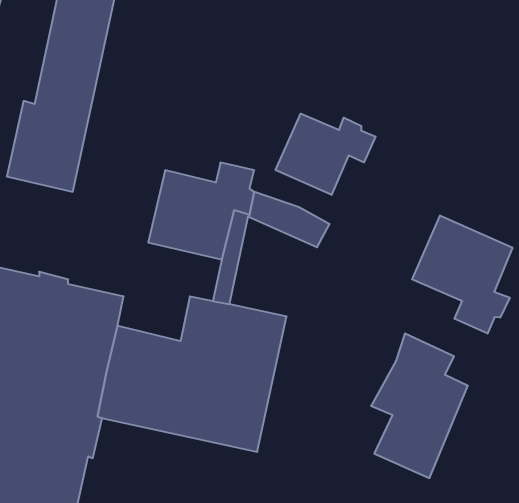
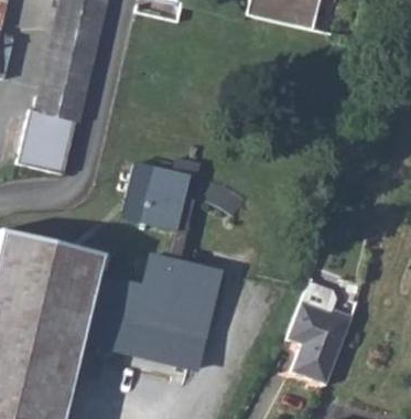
building: [276,114,376,195] -> none
building: [412,215,512,334] -> none

